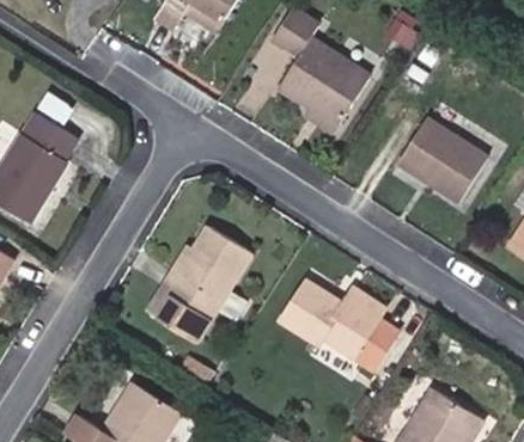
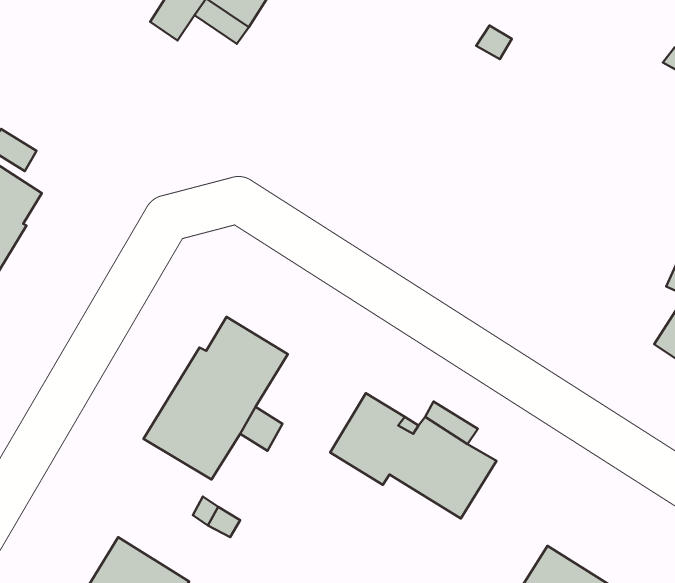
building: [272,11,370,127] -> none
building: [397,117,487,202] -> none

